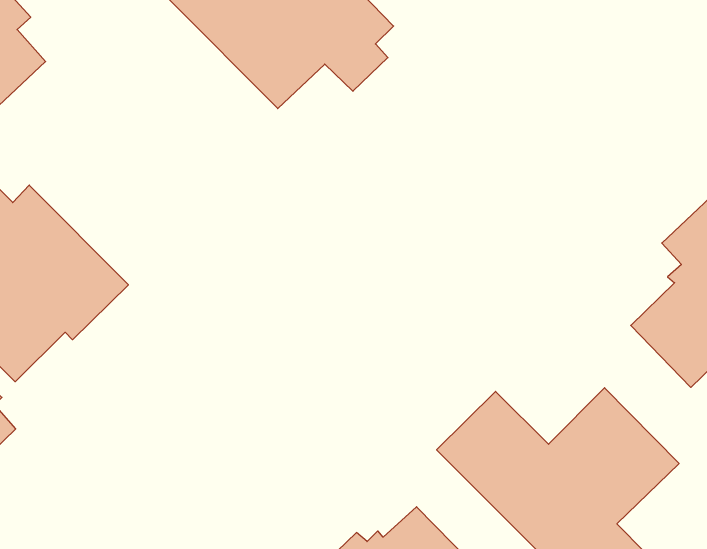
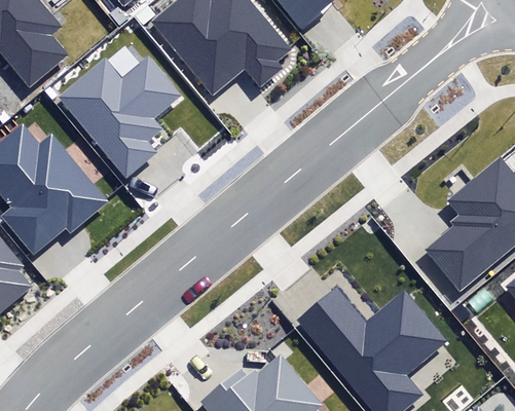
building: none -> [58,55,181,178]

